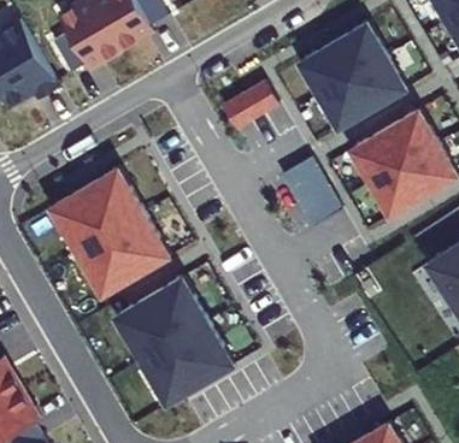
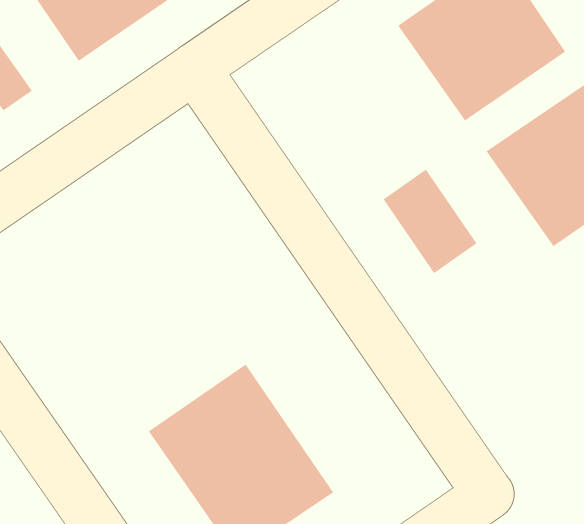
building: [220,81,276,128] -> none
building: [49,167,169,296] -> none

